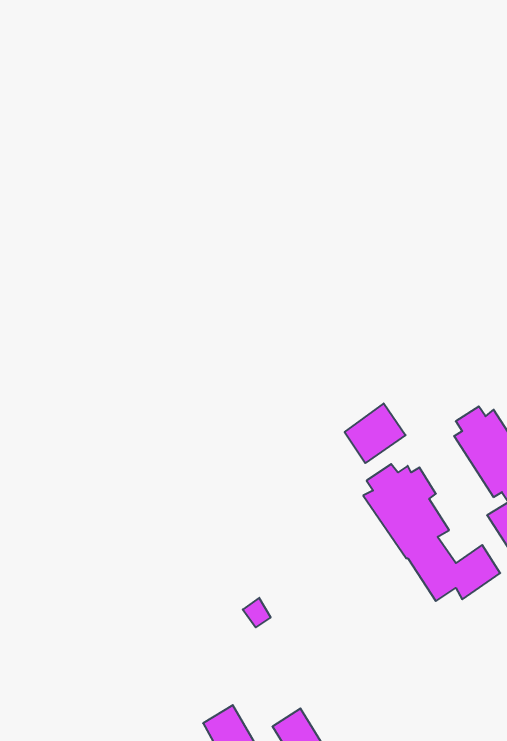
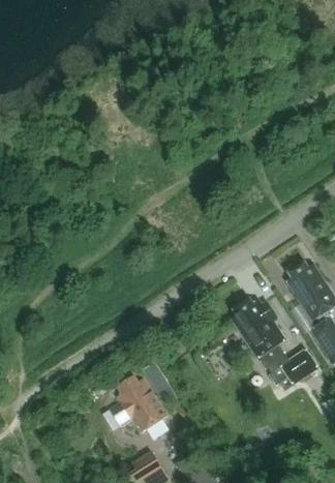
building: [345,403,406,463] -> none
building: none -> [110,375,167,431]

